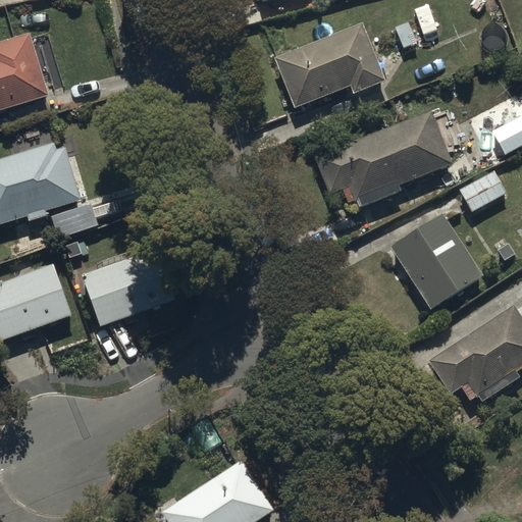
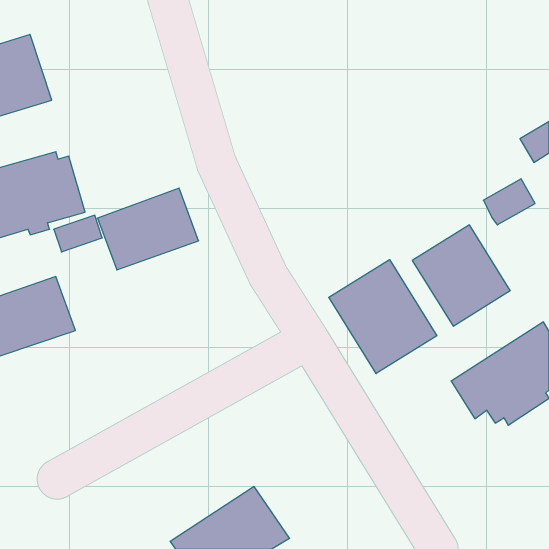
building: [273,23,384,108] -> none
building: [314,111,453,207] -> none
building: none -> [329,260,437,374]
building: [82,247,177,324] -> [97,188,199,270]

